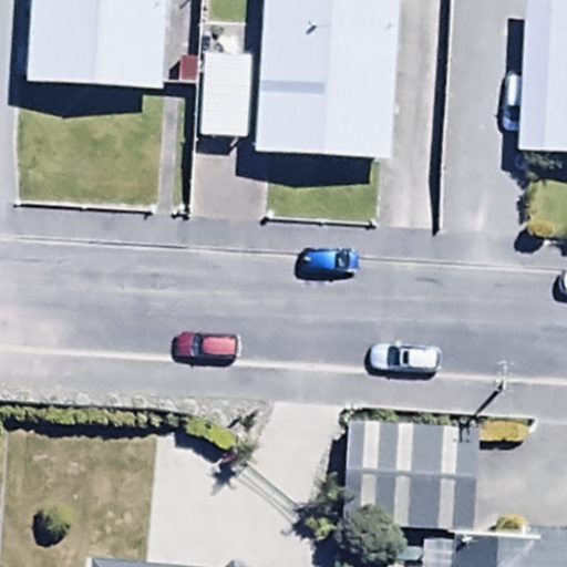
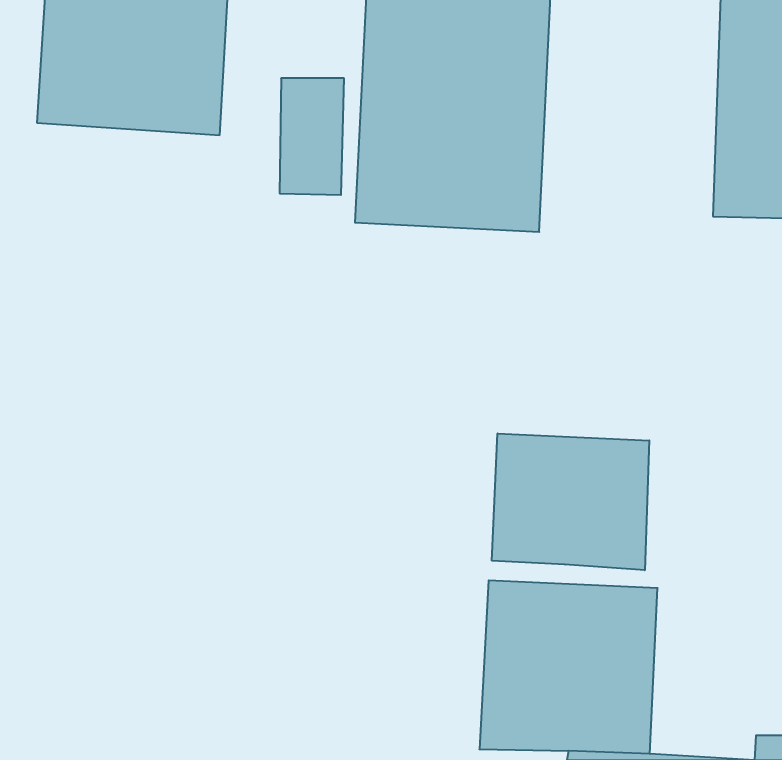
building: none -> [492,433,649,570]

